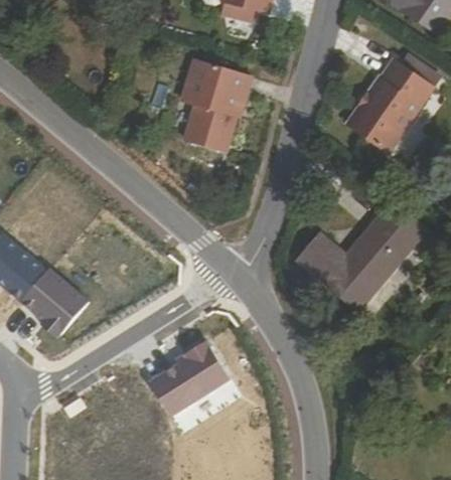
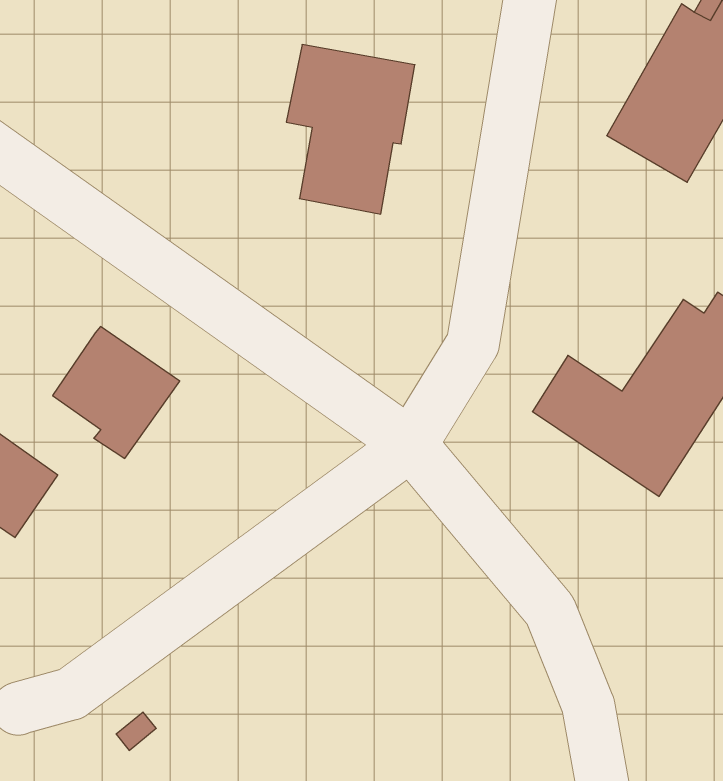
building: [21,269,88,338] -> [53,327,180,458]
building: [148,342,228,415] -> none

